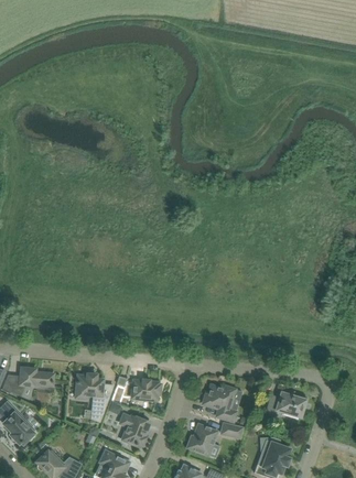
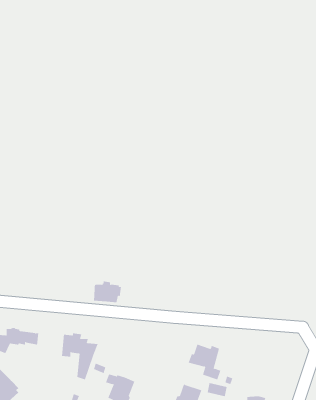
building: [131,378,160,400] -> [93,281,122,303]
building: [266,392,308,416] -> none

